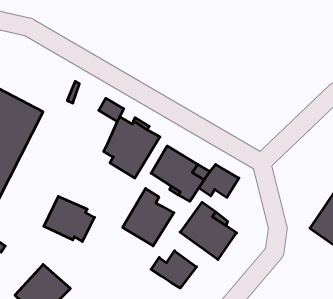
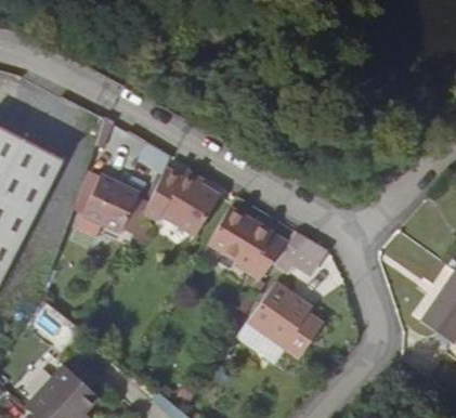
building: [123,188,174,246] -> none
building: [44,196,95,242] -> [81,174,149,235]
building: [151,251,197,288] -> none

